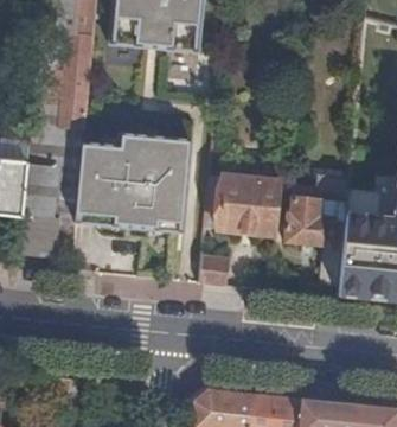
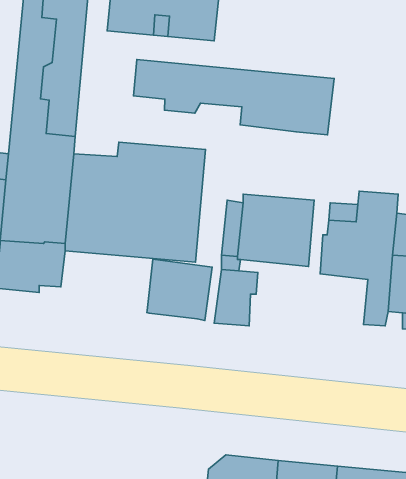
building: none -> [133,59,334,135]
building: none -> [147,259,212,320]

